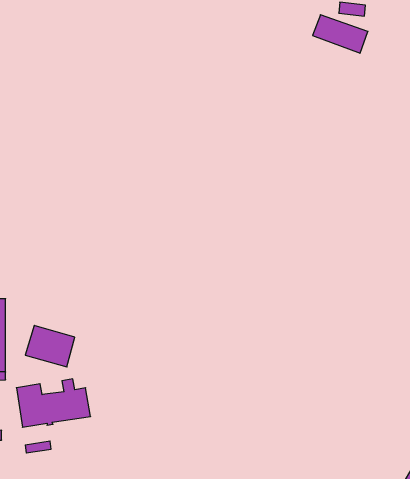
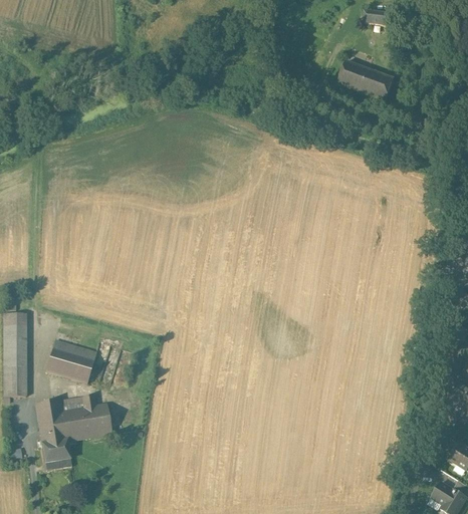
building: [313,15,368,53] -> [337,60,394,99]
building: none -> [42,439,70,461]

